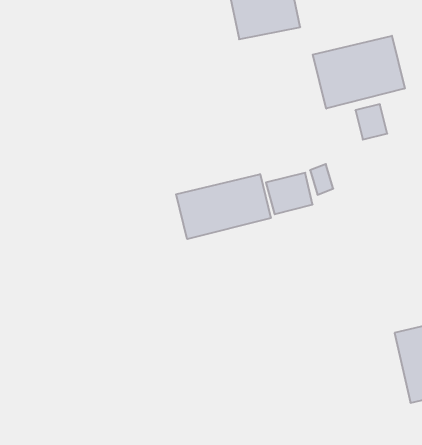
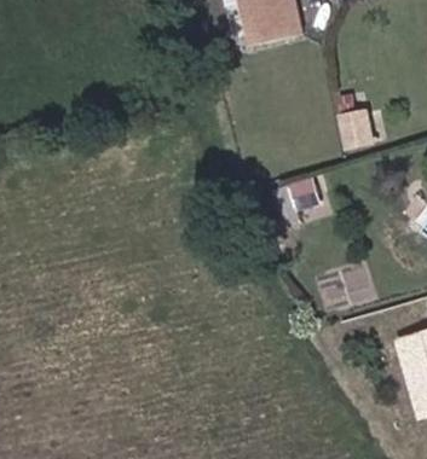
building: [313,36,405,109] -> none
building: [176,174,271,239] -> none

